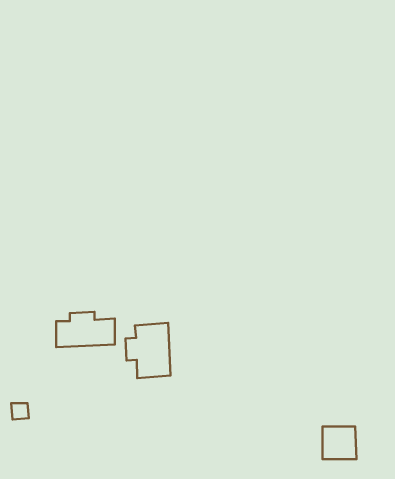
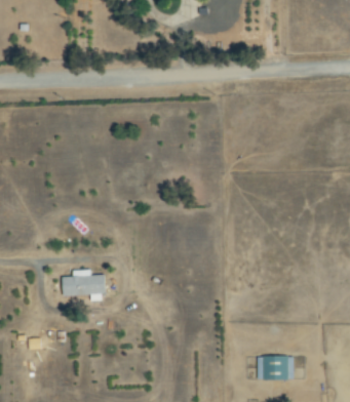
building: [126,323,170,378] -> none

